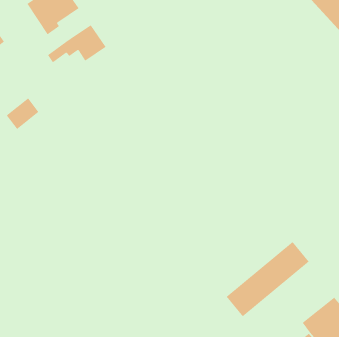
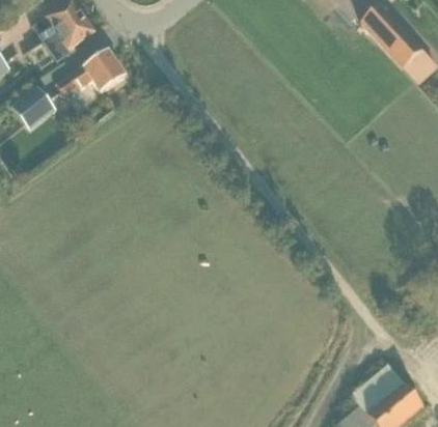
building: [6,97,39,130] -> [12,85,51,122]
building: [226,241,310,317] -> none

